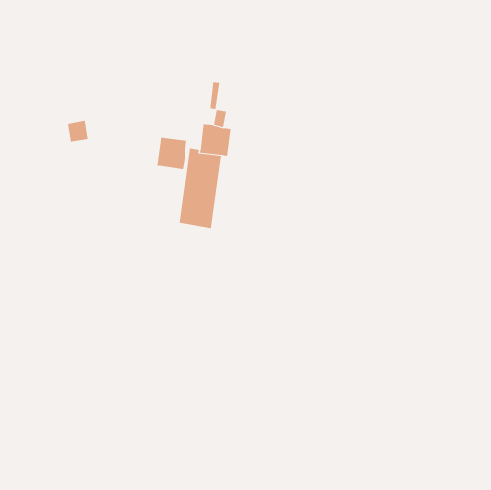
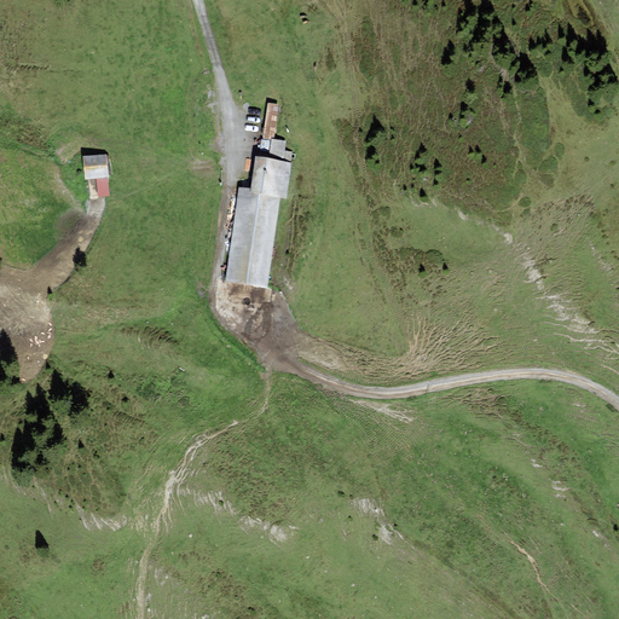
building: [157,137,187,170] -> none

